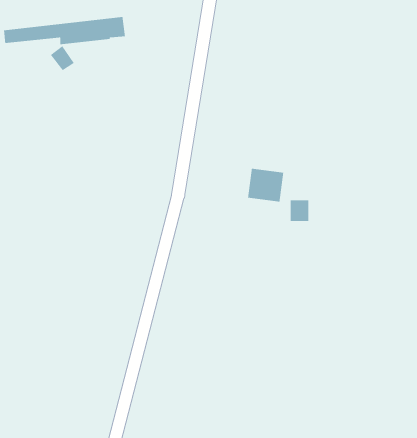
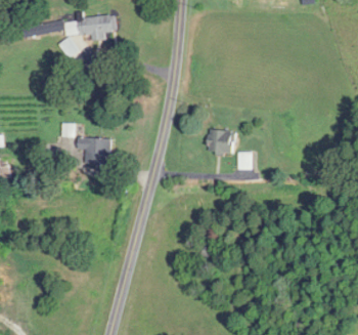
building: none -> [78,138,110,163]

